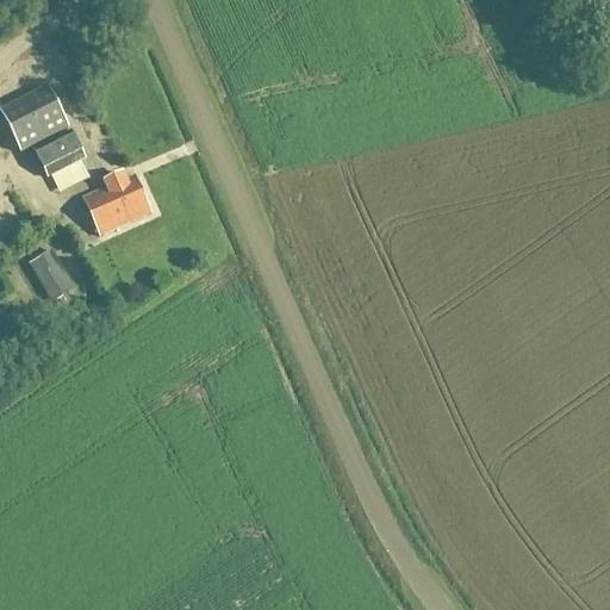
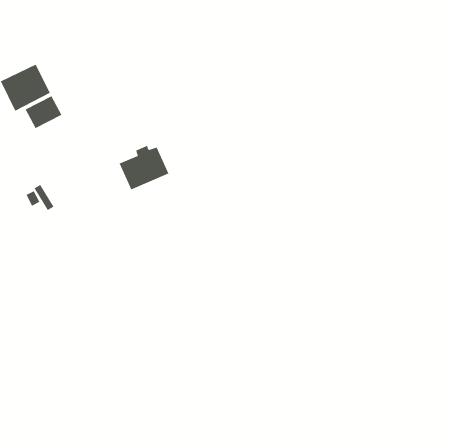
building: [82,172,151,234] -> [118,145,169,191]

